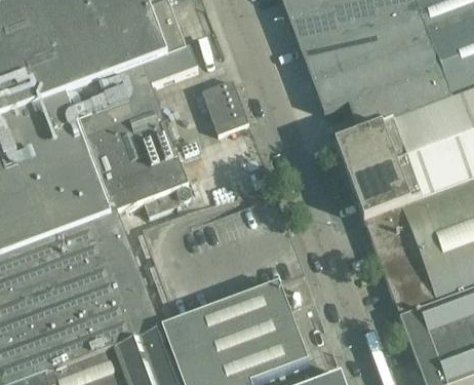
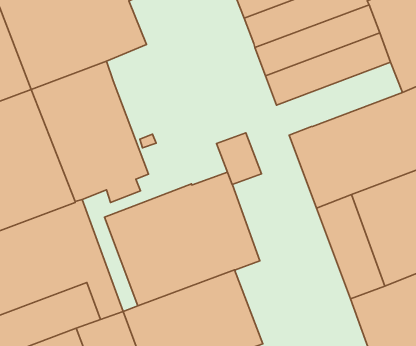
building: [145,47,198,86] -> none
building: [323,67,456,134] -> none
building: [202,79,249,133] -> [217,133,262,184]

